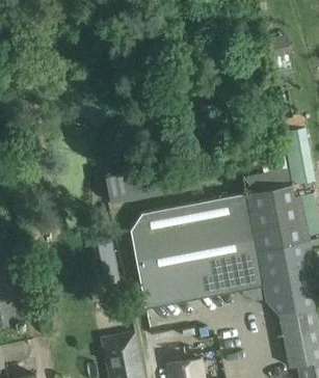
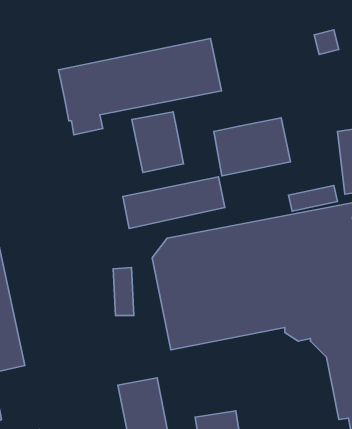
building: none -> [59,39,221,135]
building: none -> [132,112,184,172]
building: none -> [214,118,290,176]

